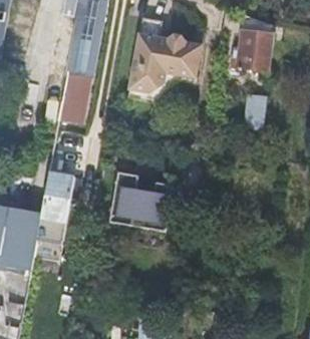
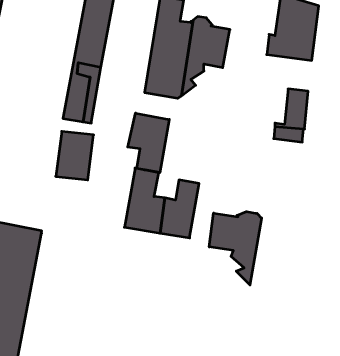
building: none -> [128,113,169,173]
building: [40,173,72,222] -> none
building: none -> [209,212,262,285]

